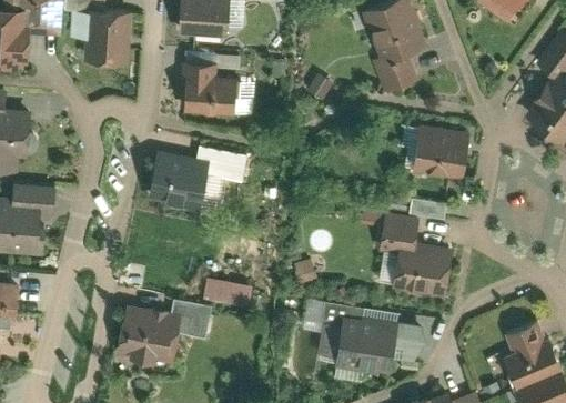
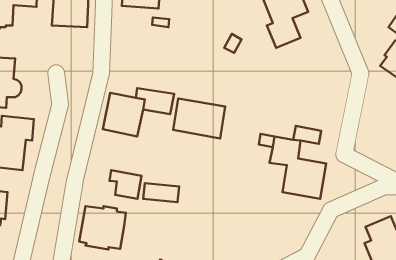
building: [178,62,234,117] -> none
building: [413,125,468,180] -> none
building: none -> [173,99,225,138]
building: [170,301,213,340] -> [110,170,142,199]
building: [316,315,421,375] -> none

